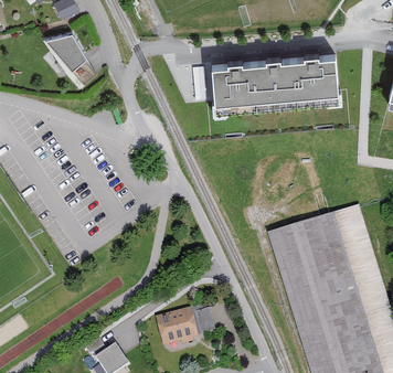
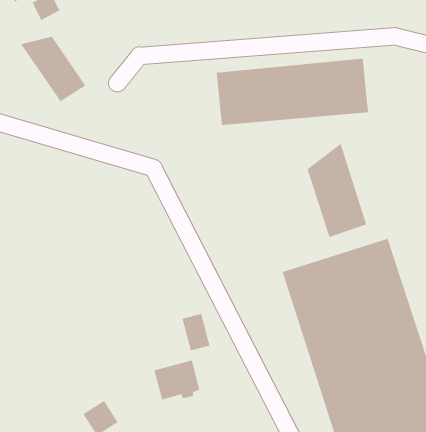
building: none -> [307,143,367,238]
building: none -> [182,313,210,351]

